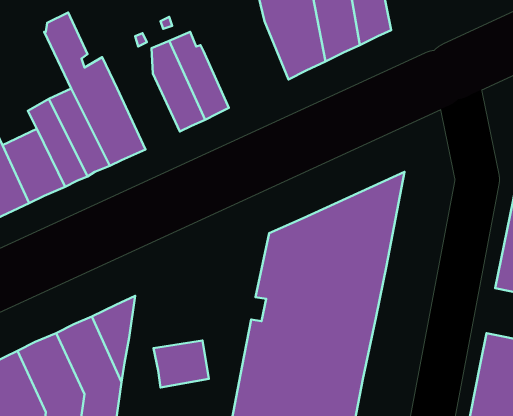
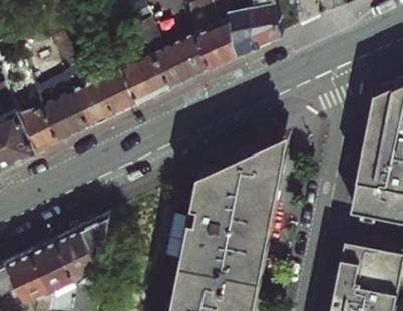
building: none -> [153,32,211,90]
building: none -> [95,50,137,118]
building: [154,341,209,387] -> none

